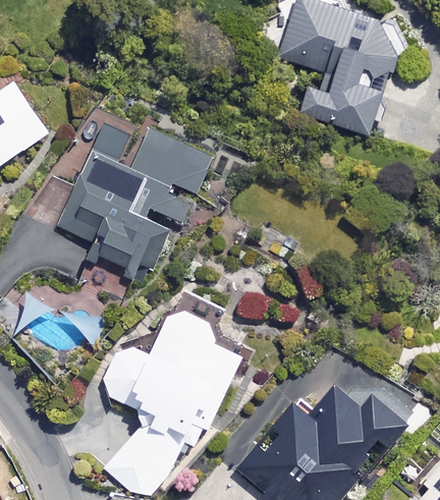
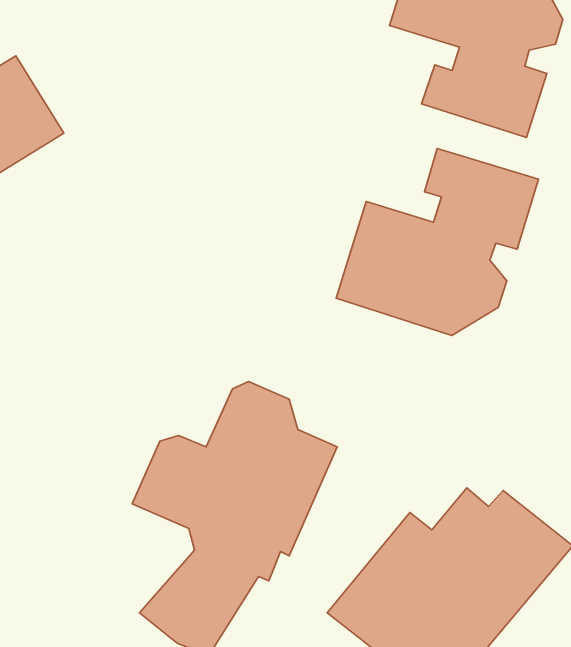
building: [54,125,215,277] -> none
building: none -> [336,149,539,335]

